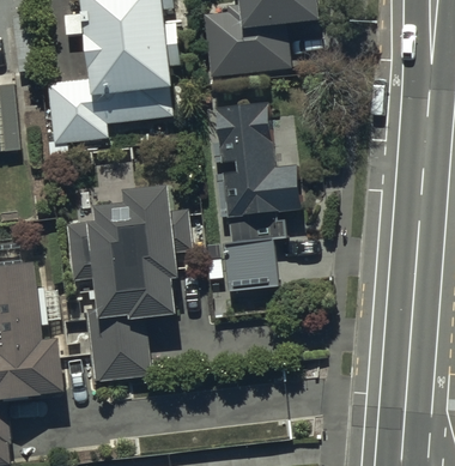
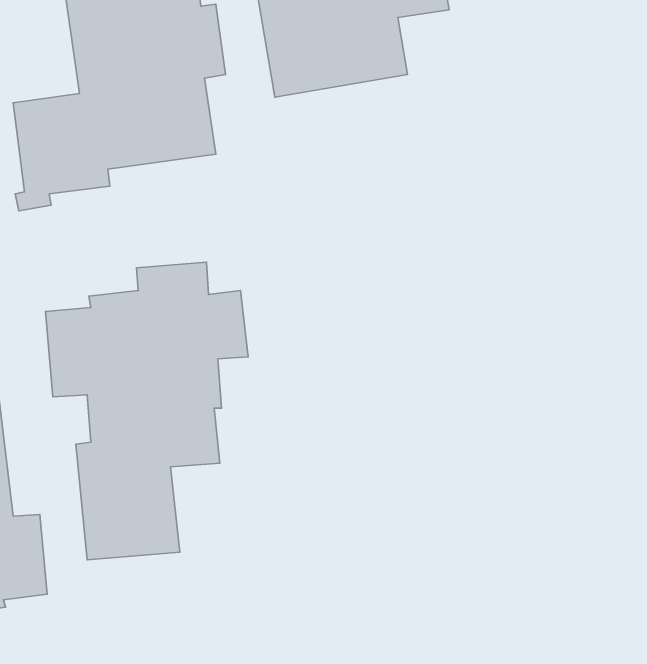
building: [211,99,301,285] -> none

